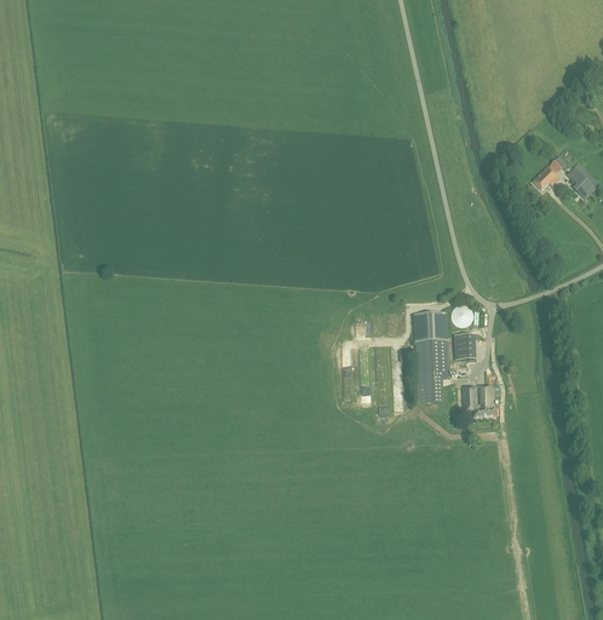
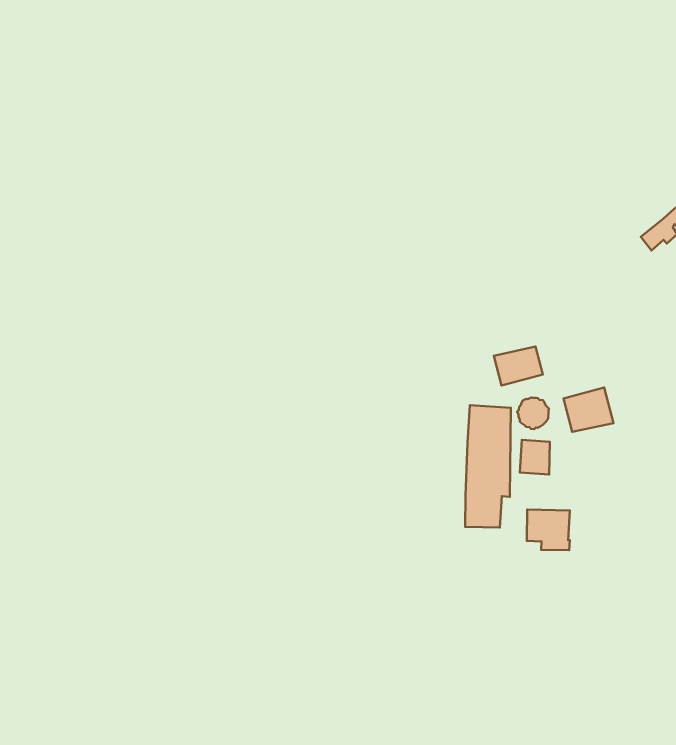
building: none -> [494,347,543,385]
building: none -> [563,388,613,432]

